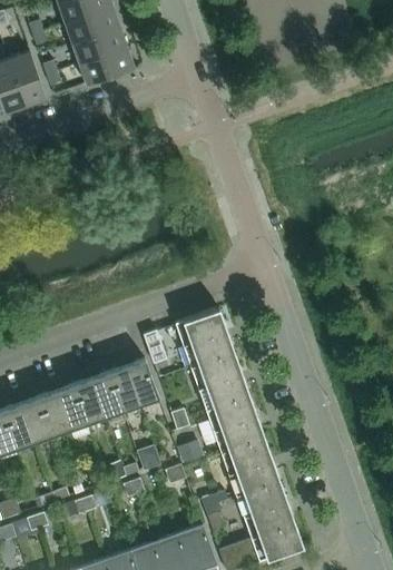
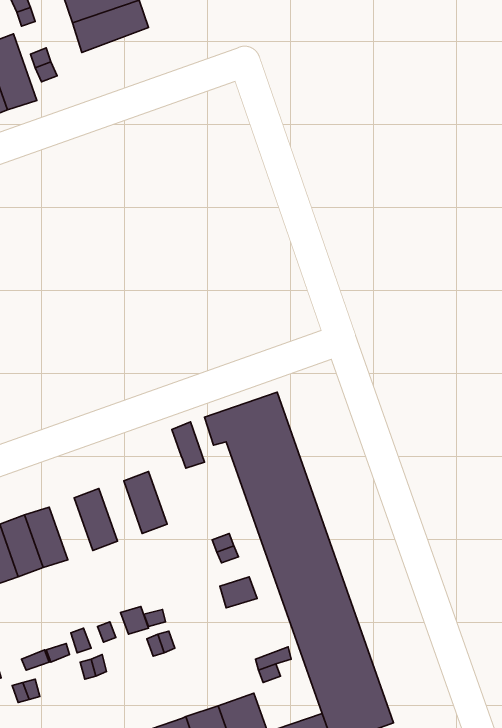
building: [79,47,135,85] -> none
building: [127,358,158,403] -> none
building: [91,372,122,415] -> none
building: [56,384,87,429] -> none

